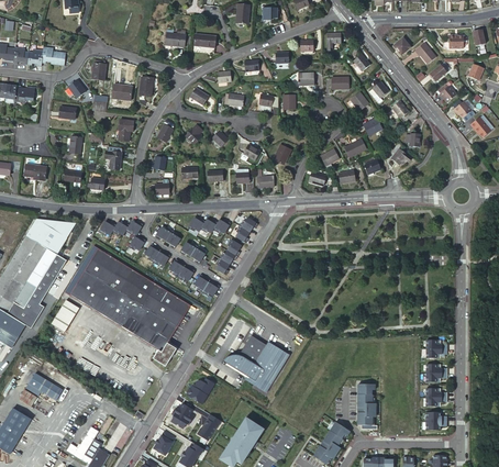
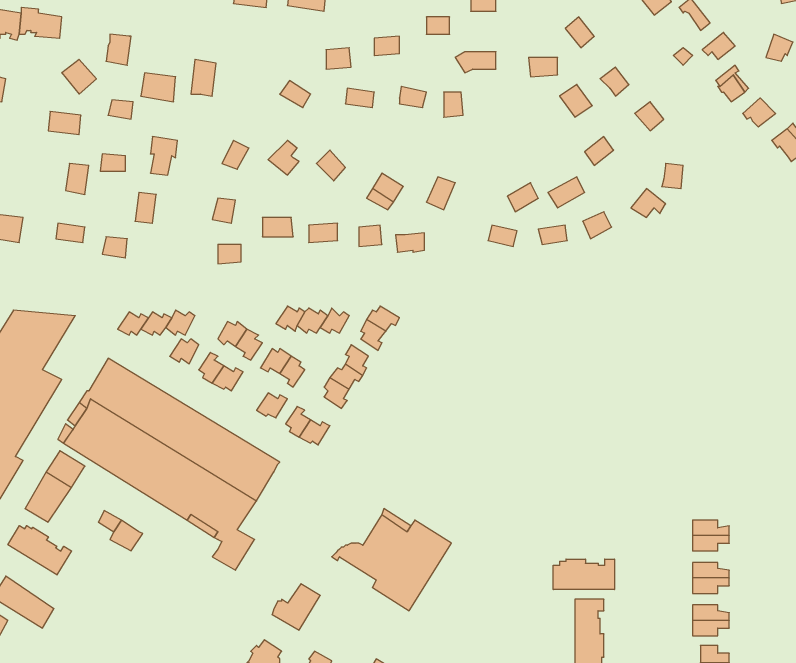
building: none -> [8,526,72,575]
building: none -> [553,559,614,590]

